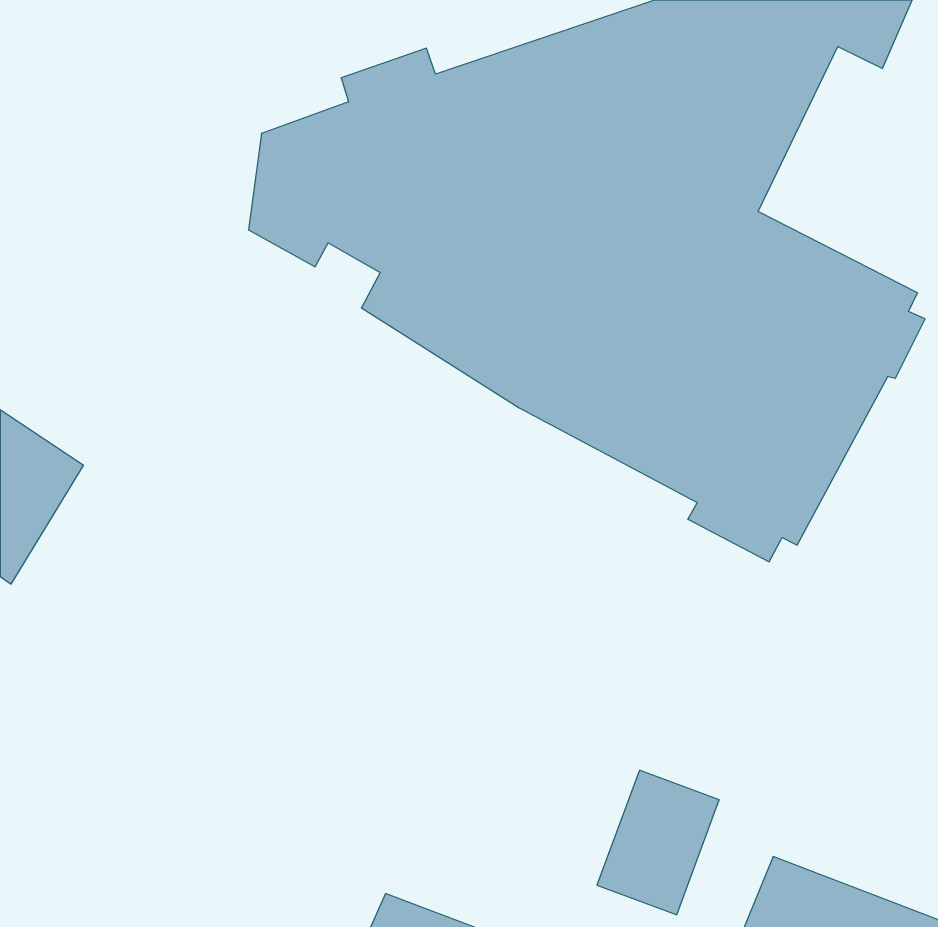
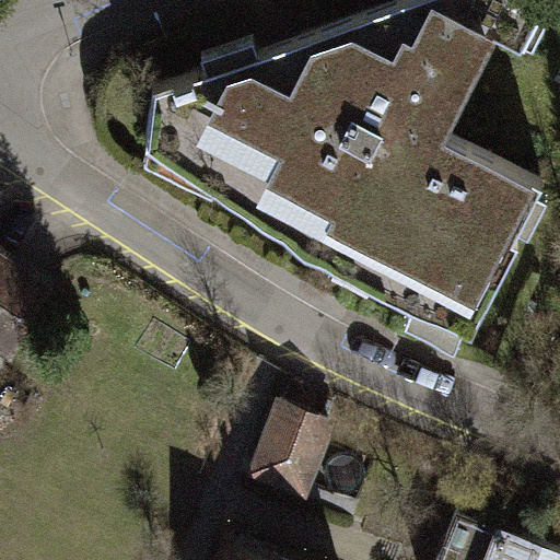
building: [597,770,719,915] -> [260,408,332,493]

